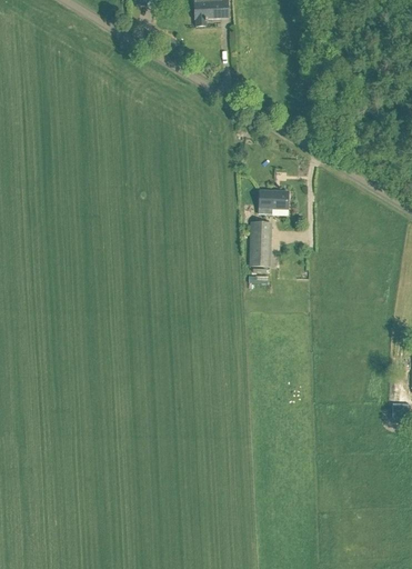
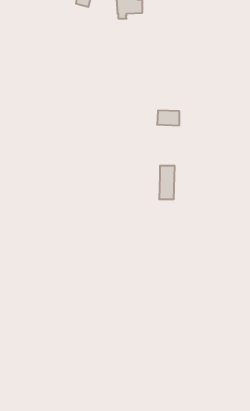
building: [258,190,288,210] -> [157,110,179,125]

